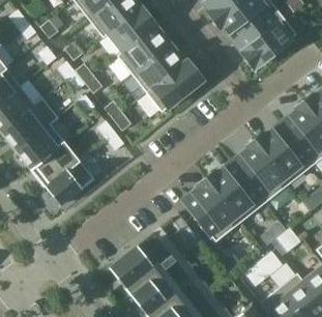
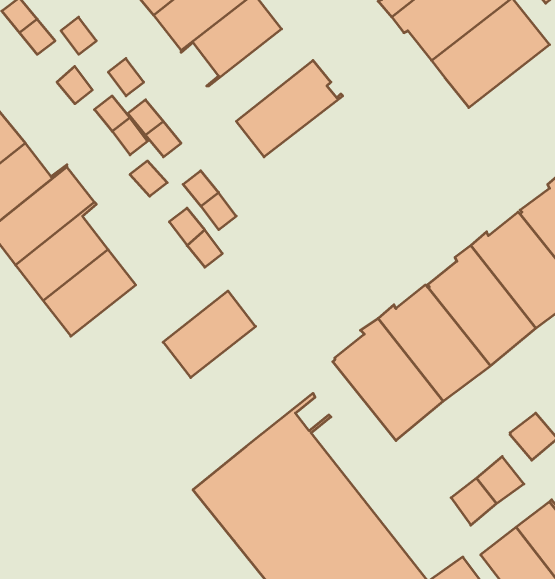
building: [117,25,172,74] -> none
building: [146,60,203,112] -> none
building: [45,160,93,205] -> [163,291,256,378]

